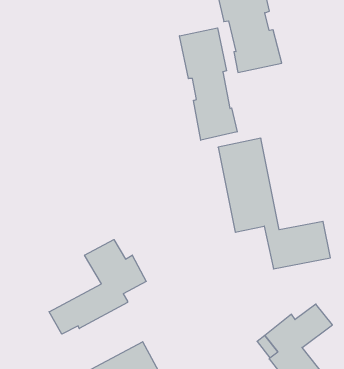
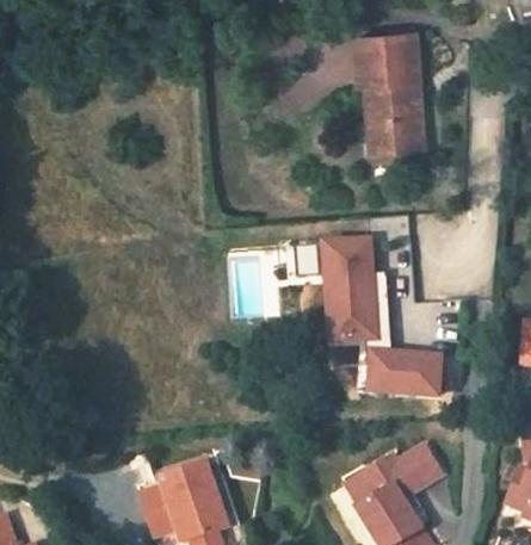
building: [180,28,237,140] -> none
building: [49,240,146,334] -> none

